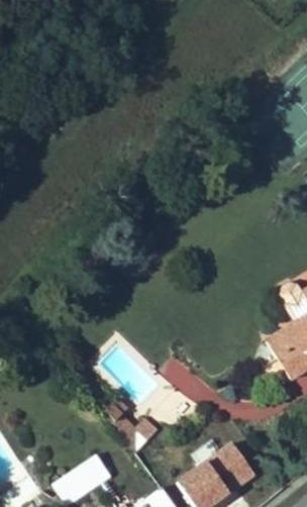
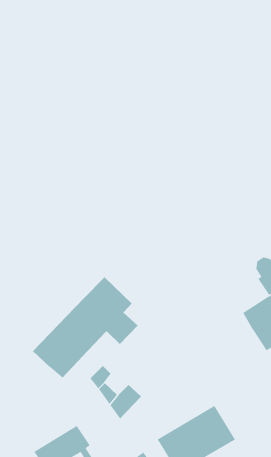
building: none -> [32,276,138,379]

